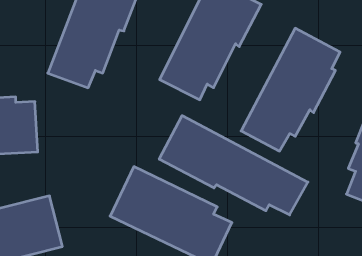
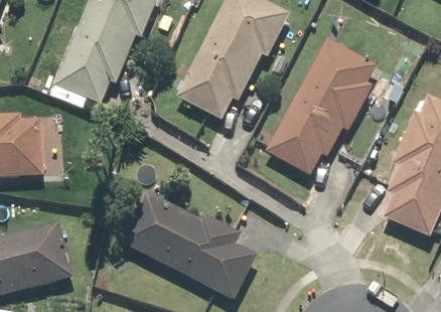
building: [159,116,308,215] -> none

